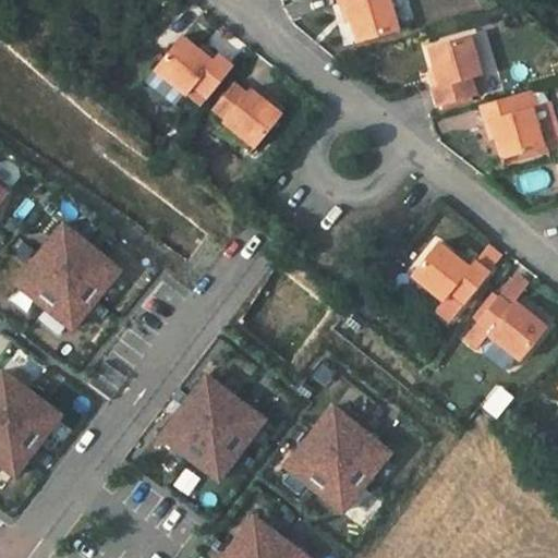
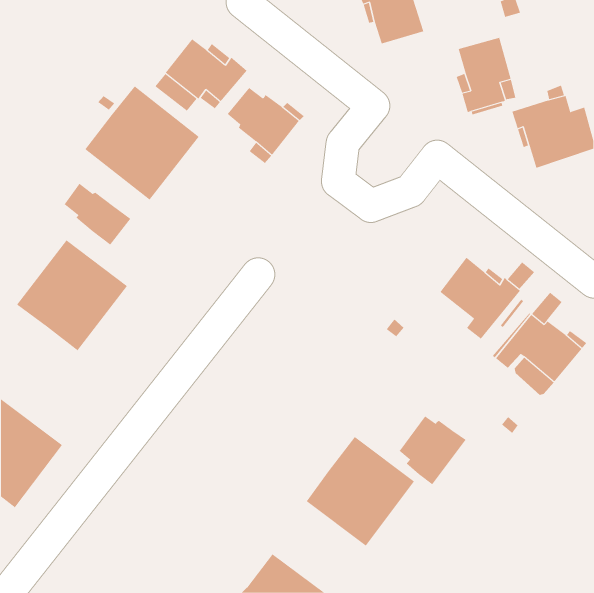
building: none -> [84,86,200,201]
building: none -> [64,183,131,246]
building: [160,376,264,481] -> none
building: none -> [399,415,467,485]

